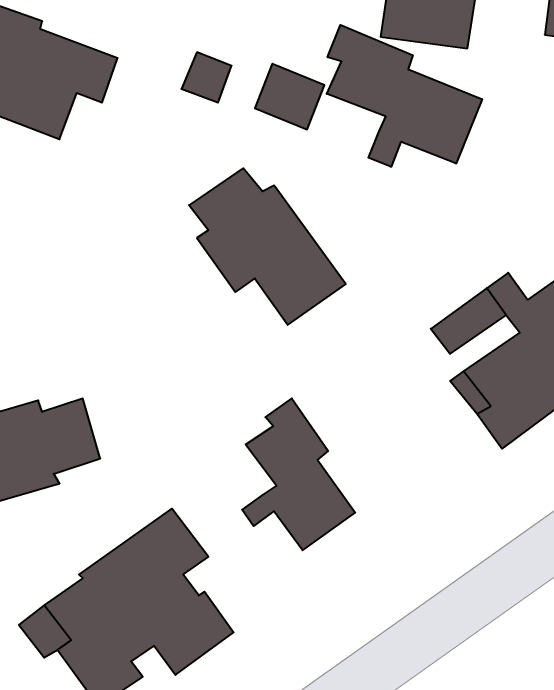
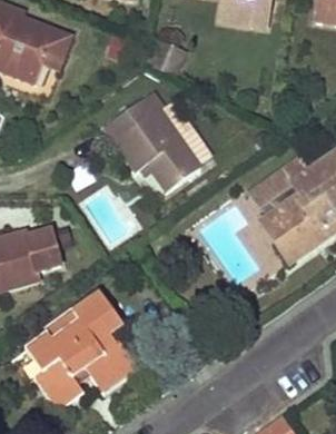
building: [327,25,482,167] -> none
building: [242,398,355,550] -> none

